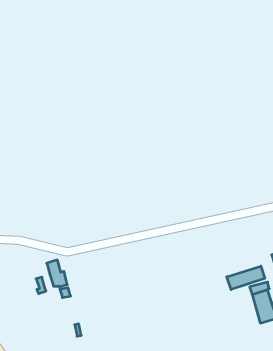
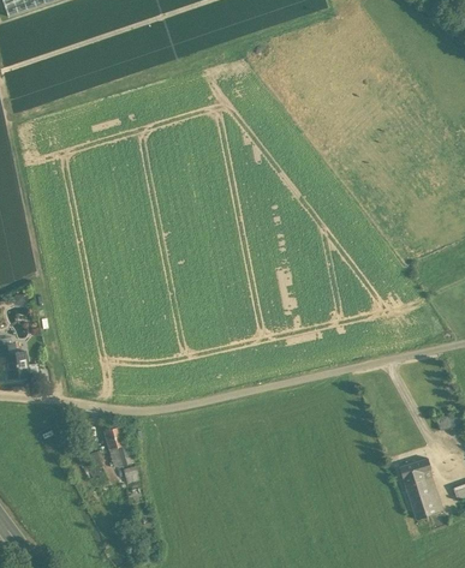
building: [227,266,265,290] -> none

